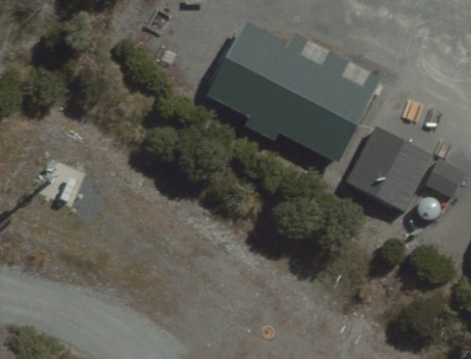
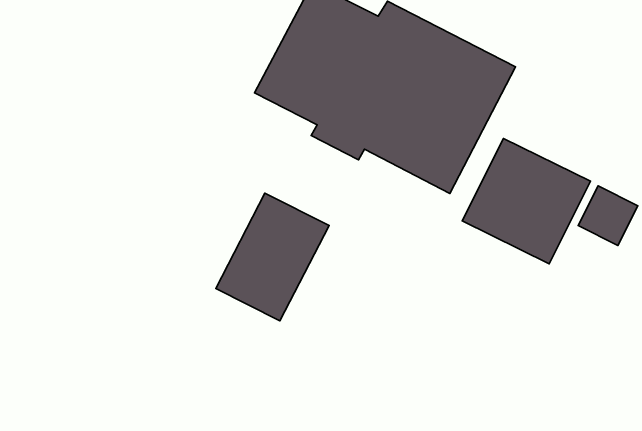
building: none -> [216,193,329,321]

